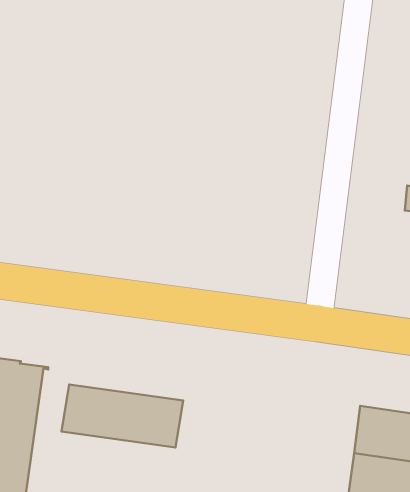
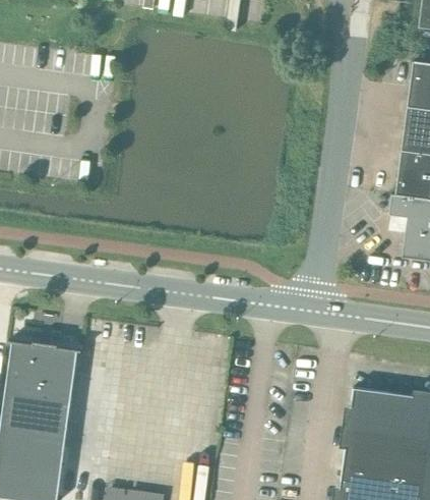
building: [62,384,183,447] -> none

